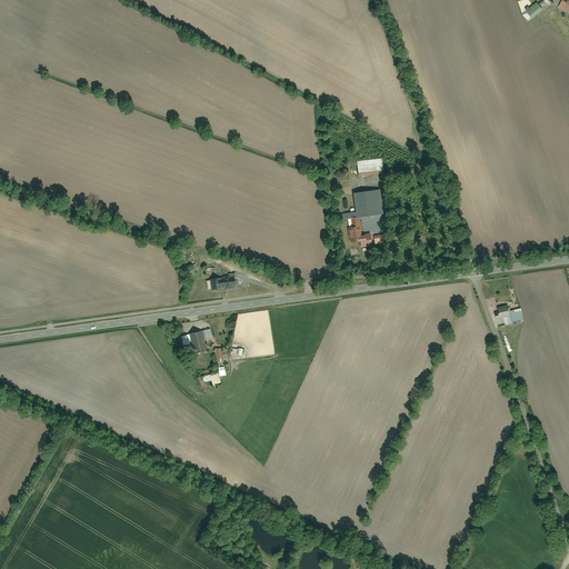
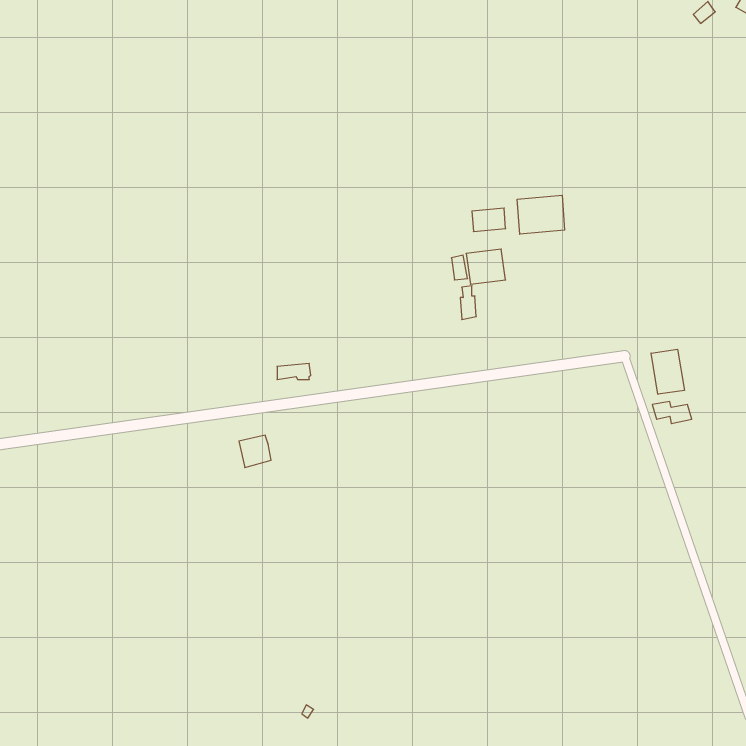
building: none -> [517,195,565,234]
building: none -> [651,349,684,394]

